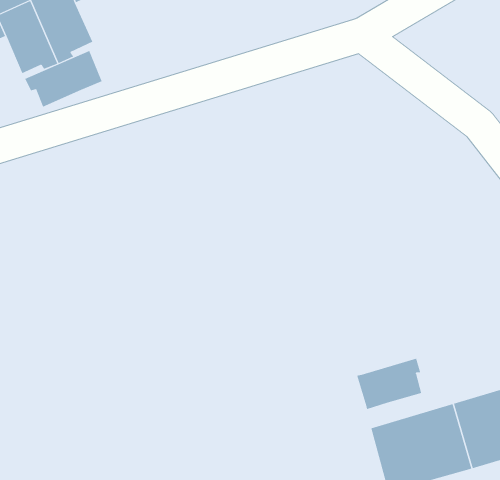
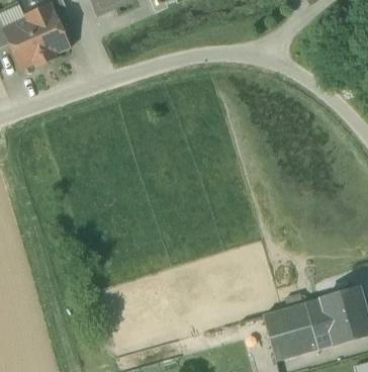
building: [25,50,104,107] -> none
building: [356,358,422,410] -> none

